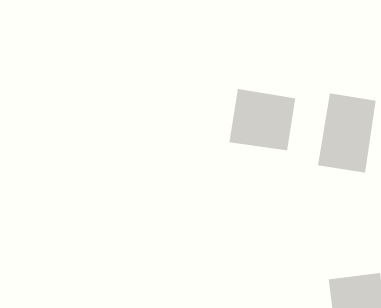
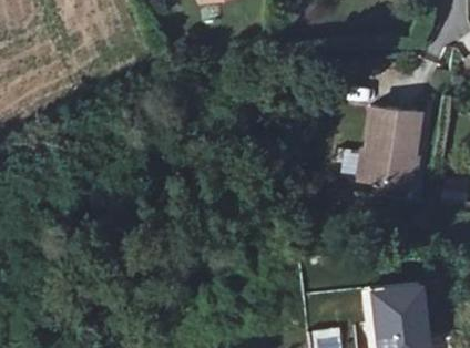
building: [229,88,296,151] -> none

